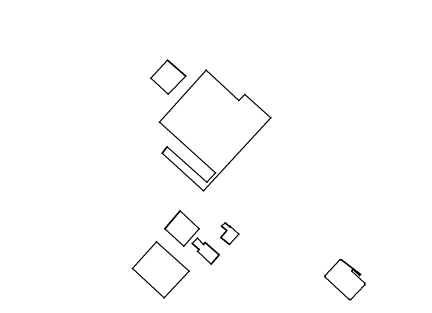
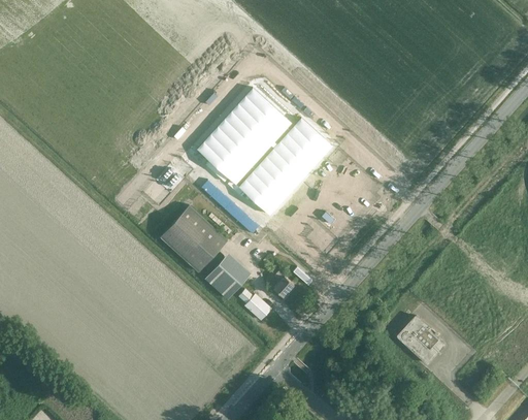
building: [151,60,186,94] -> none
building: [132,242,189,298] -> [160,204,228,271]

